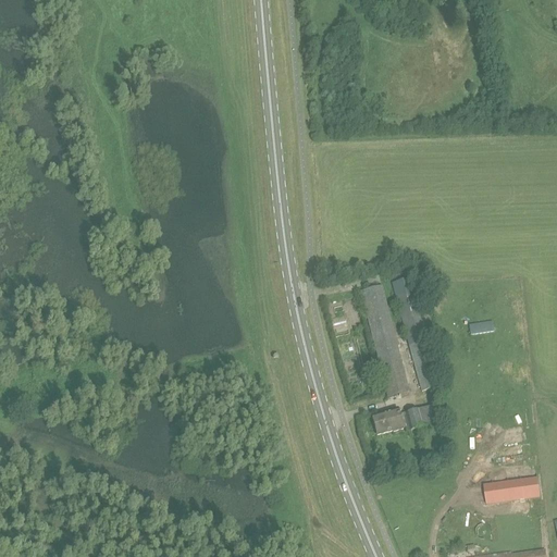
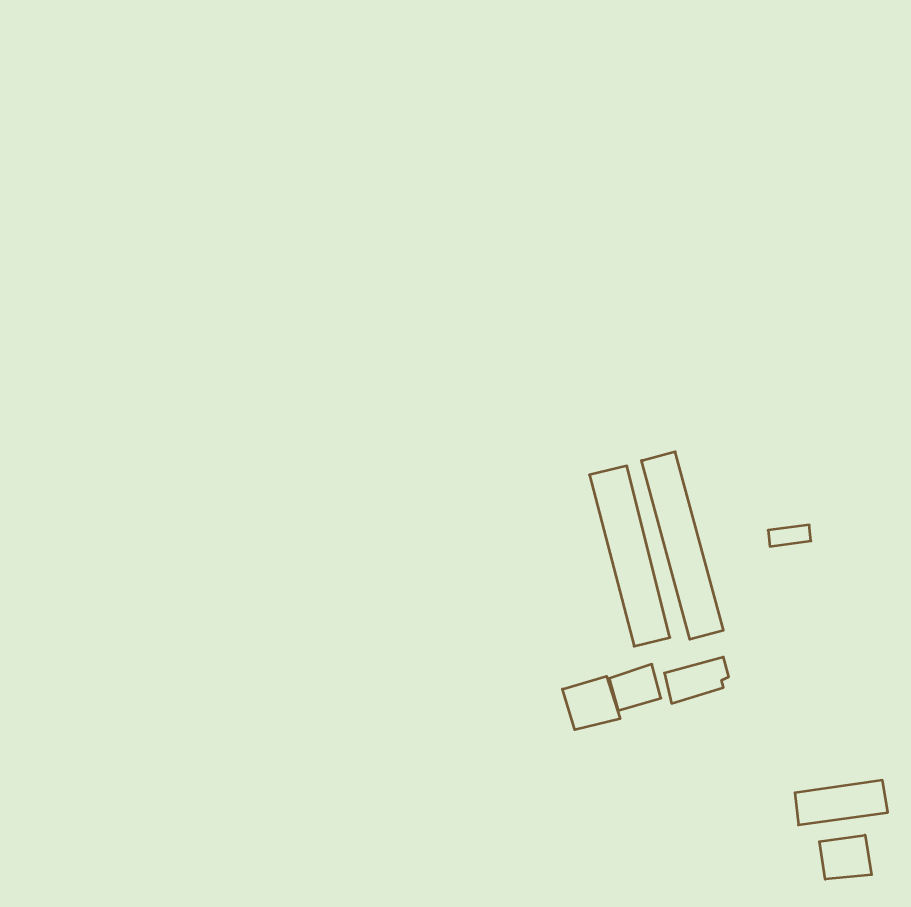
building: none -> [562,676,620,730]
building: none -> [819,835,872,879]

